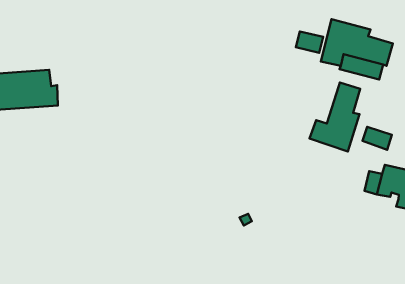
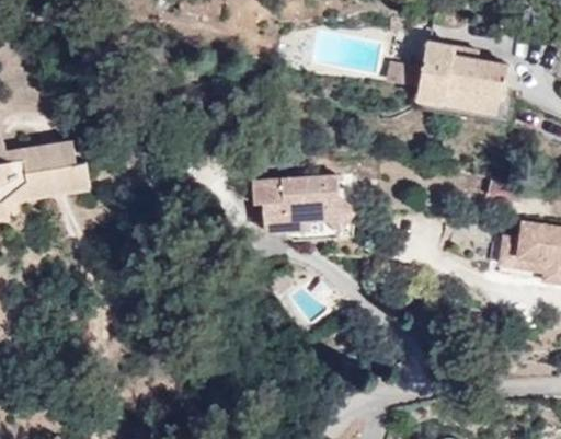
building: [309,83,360,151] -> none
building: none -> [252,173,353,238]

